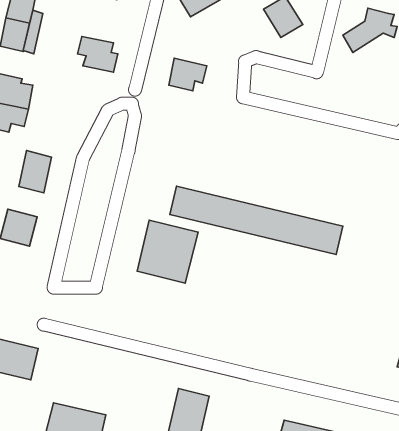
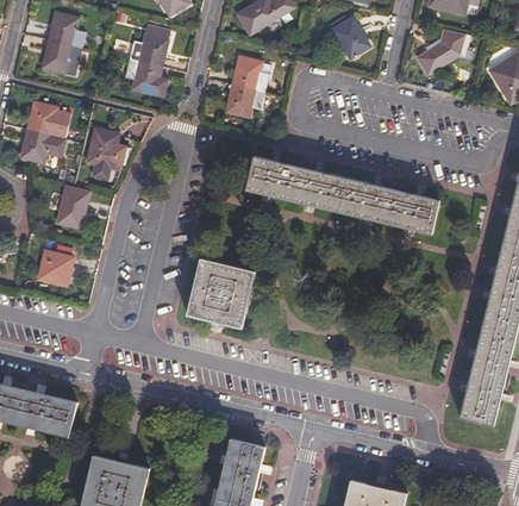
building: none -> [126,24,169,65]
building: none -> [227,54,267,90]
building: none -> [81,125,127,182]
building: [170,186,343,255] -> [249,161,438,236]

